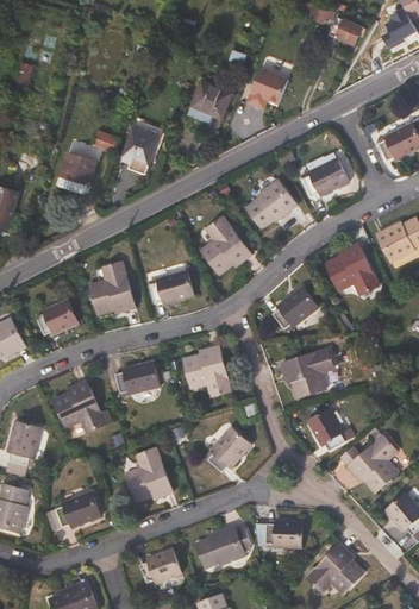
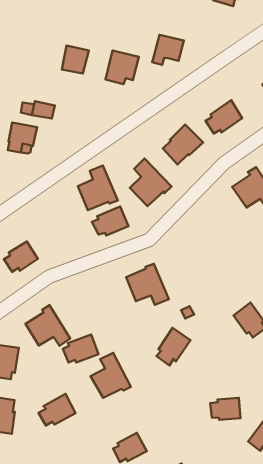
building: [124,126,160,163] -> [62,45,89,74]
building: [89,262,136,314] -> [78,165,118,210]
building: [274,285,319,327] -> none
building: [283,347,333,397] -> none
building: [117,360,160,393] -> [63,334,99,363]
building: [196,526,246,566] -> none

